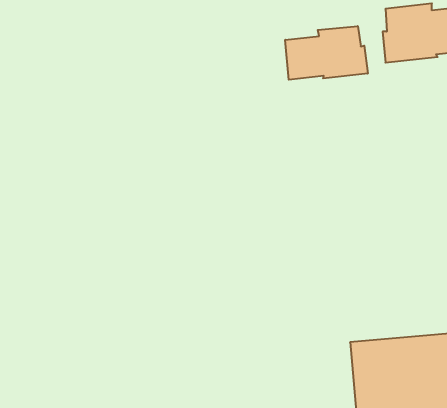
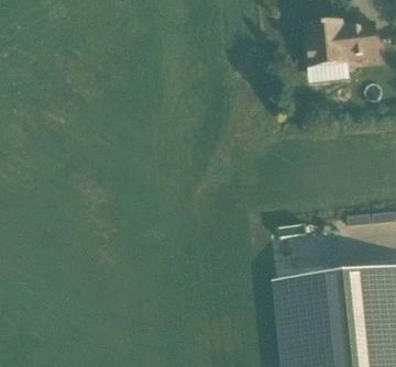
building: [285,26,368,80] -> none

